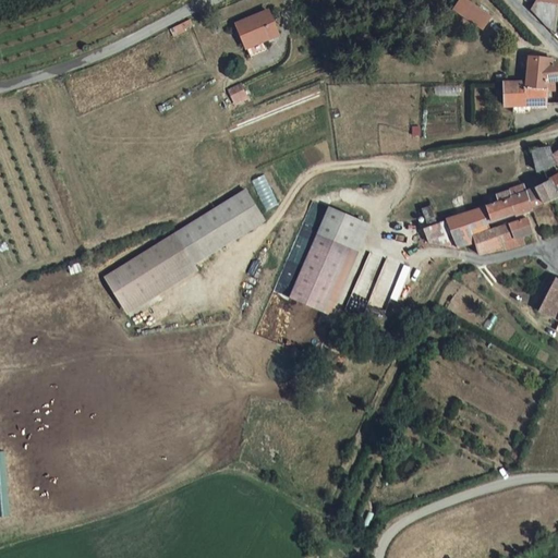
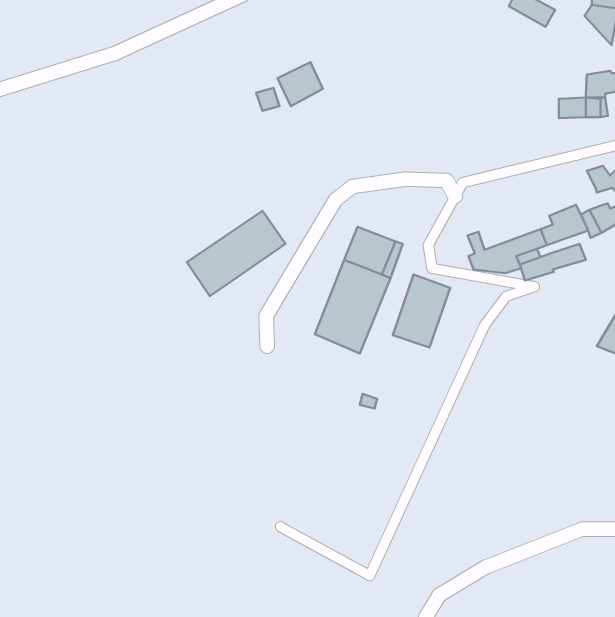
building: [230,11,270,50] -> [278,62,323,106]
building: [107,234,195,311] -> none

